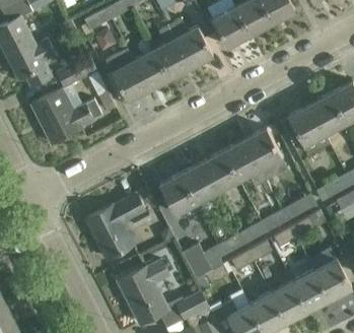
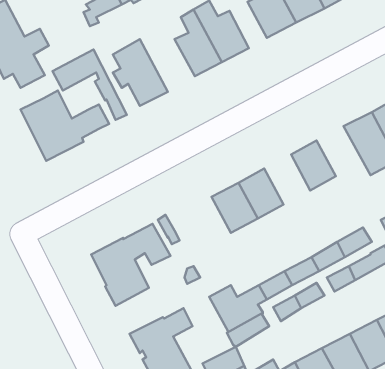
building: [126,48,169,89] -> none
building: [224,139,266,187] -> none
building: [158,173,198,214] -> none

